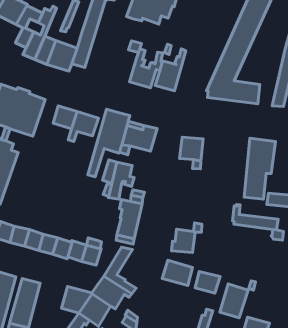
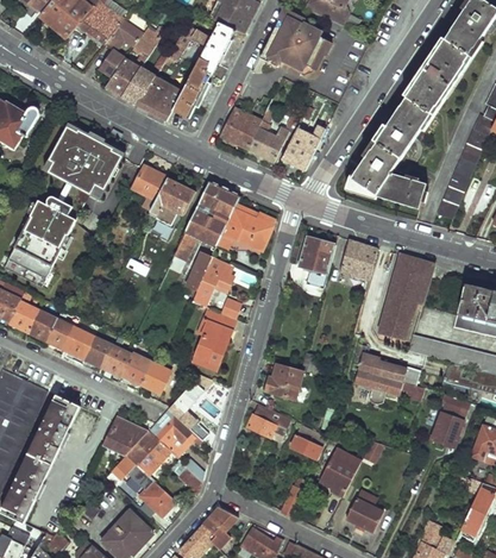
building: none -> [219,106,260,149]
building: none -> [339,238,376,280]
building: none -> [353,368,402,403]

